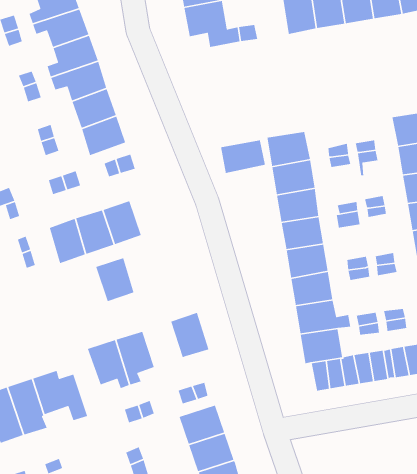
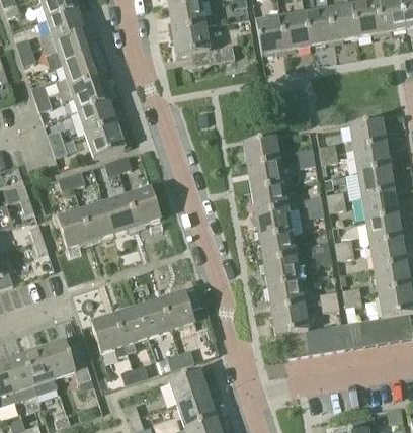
building: [220,140,266,174] -> none
building: [95,257,134,302] -> [127,187,160,226]
building: none -> [138,298,171,338]

